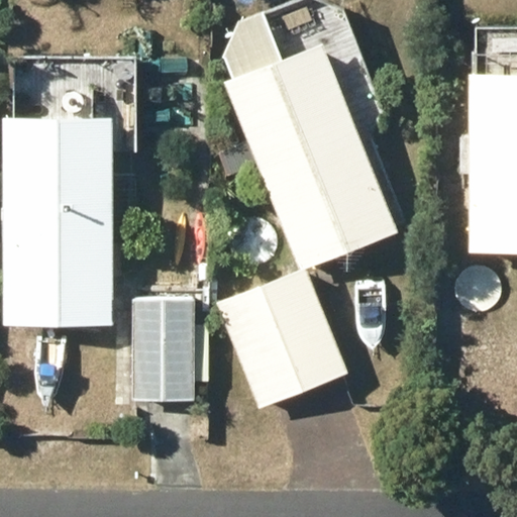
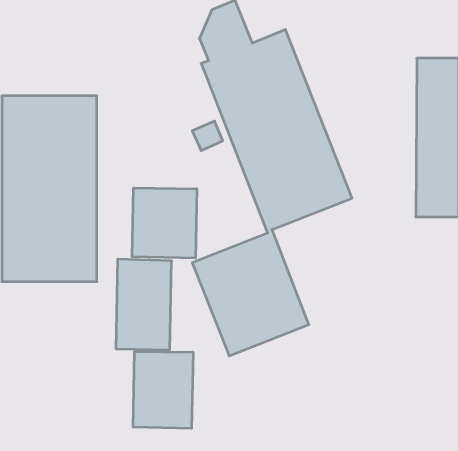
building: none -> [132,188,197,258]
building: none -> [133,352,193,428]

